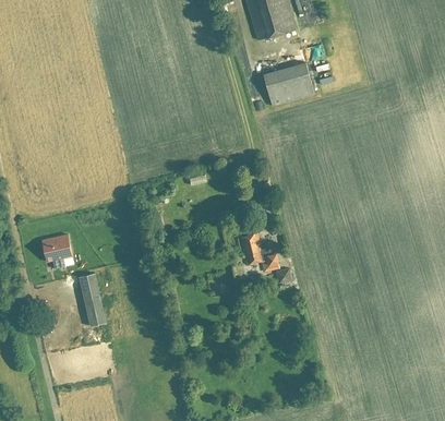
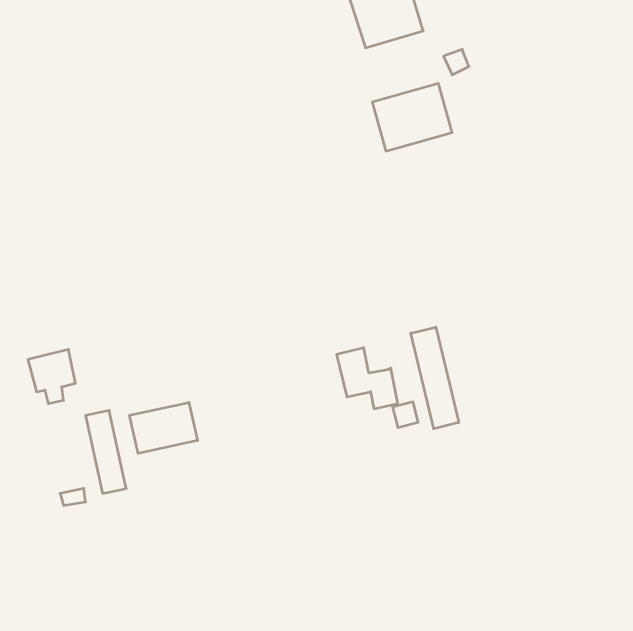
building: none -> [411,327,459,429]
building: none -> [130,402,198,453]

